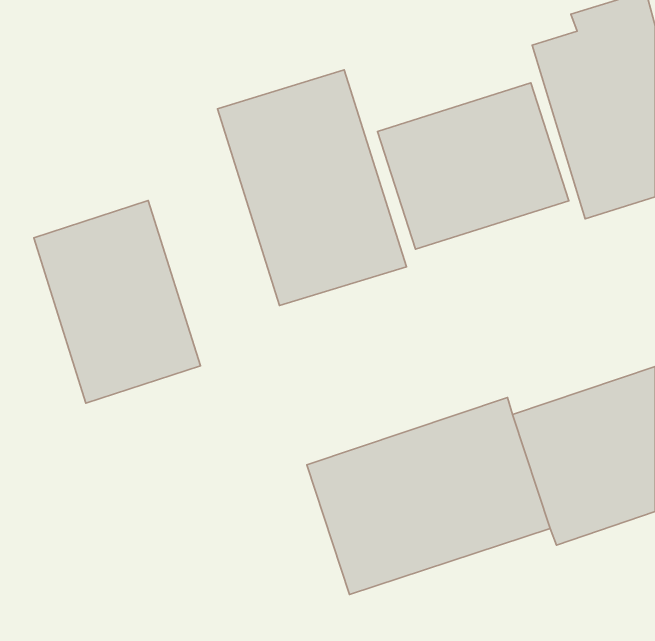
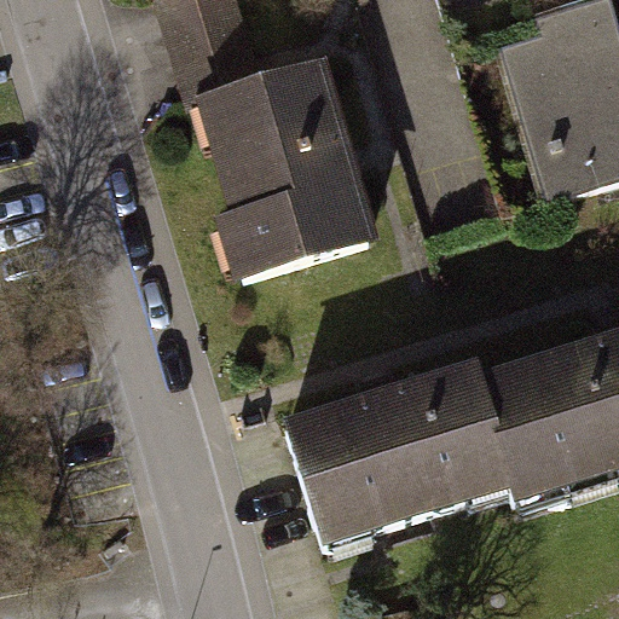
building: [377,83,569,249] -> none
building: [34,200,200,403] -> none

